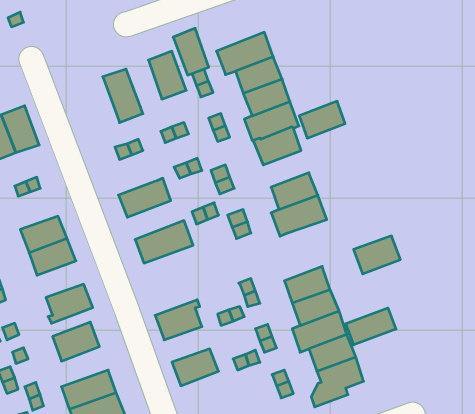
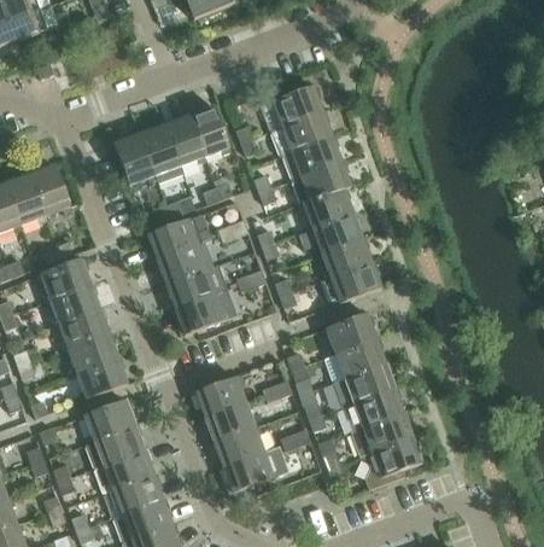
building: [173,28,209,75] -> [164,115,203,165]
building: none -> [113,133,154,185]
building: [299,101,345,138] -> [312,213,362,252]
building: none -> [146,219,198,261]
building: none -> [40,258,90,298]
building: none -> [165,264,227,309]
building: [354,236,400,274] -> [326,313,376,354]
building: none -> [68,332,118,372]
building: [346,308,396,345] -> none
building: none -> [205,403,255,442]
building: none -> [84,425,145,469]
building: none -> [223,452,274,493]

